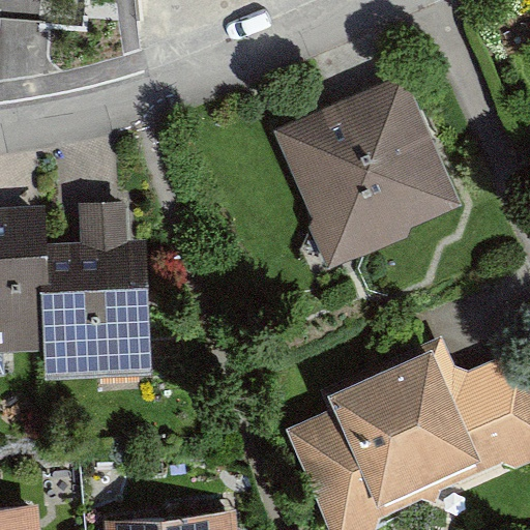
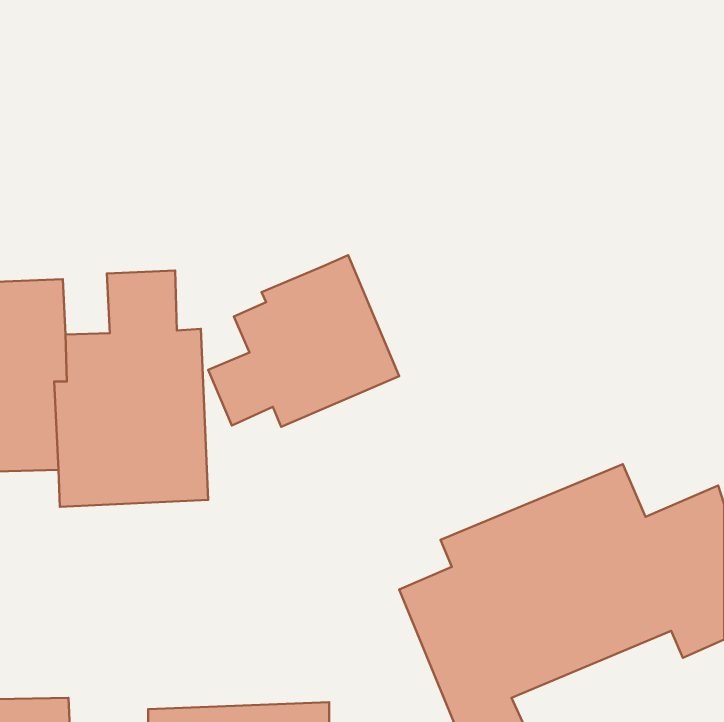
building: [275,81,453,263] -> none
building: none -> [208,255,399,427]

